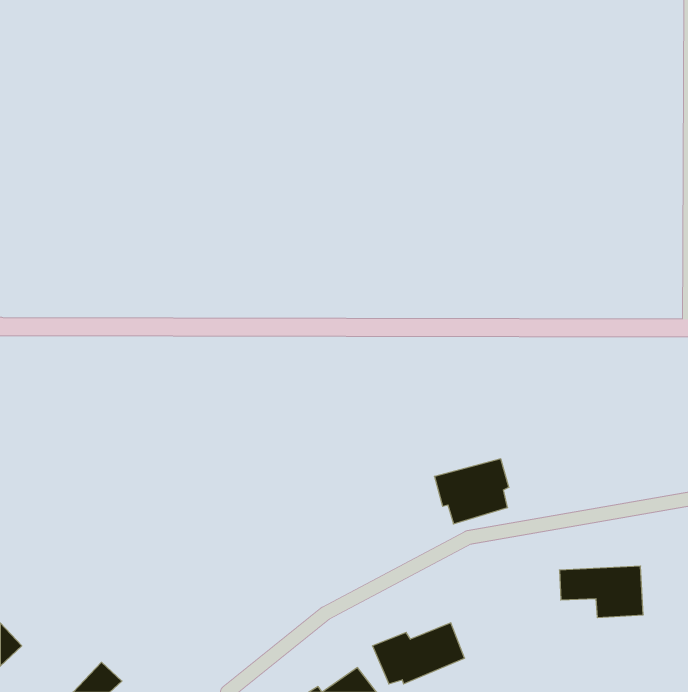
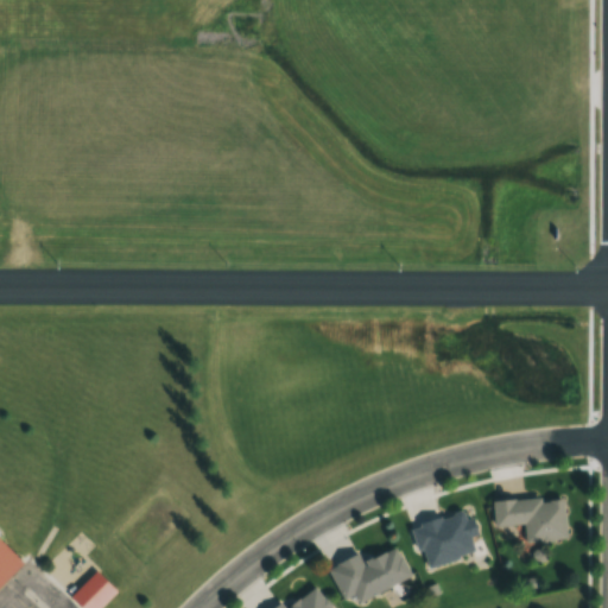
building: [434,459,509,524] -> [412,509,477,566]

